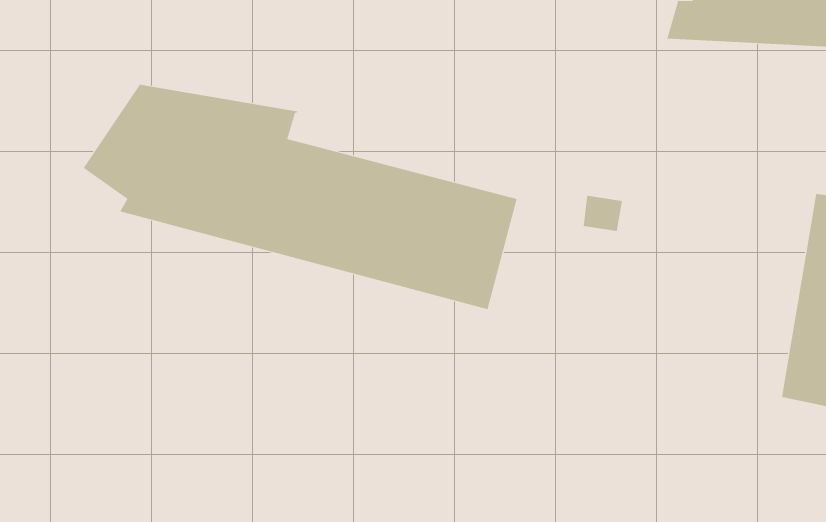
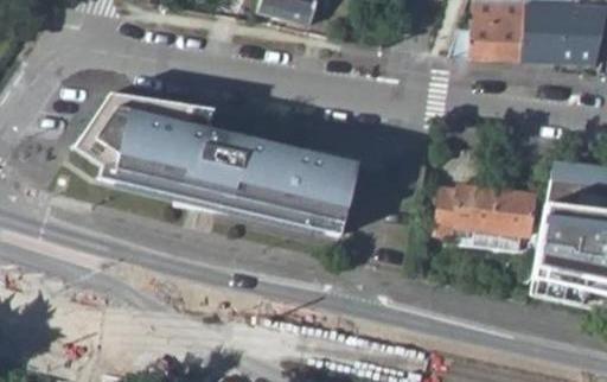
building: none -> [436,185,537,252]

